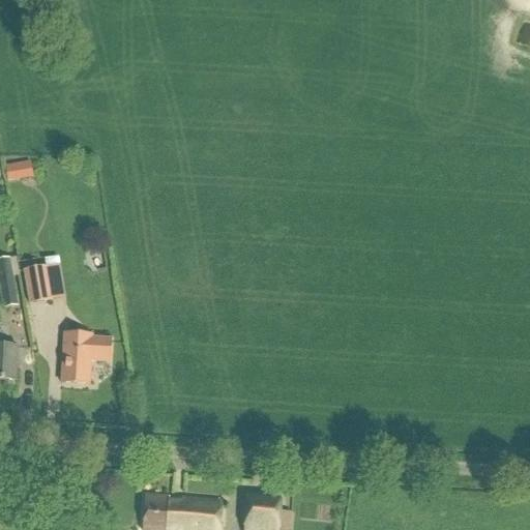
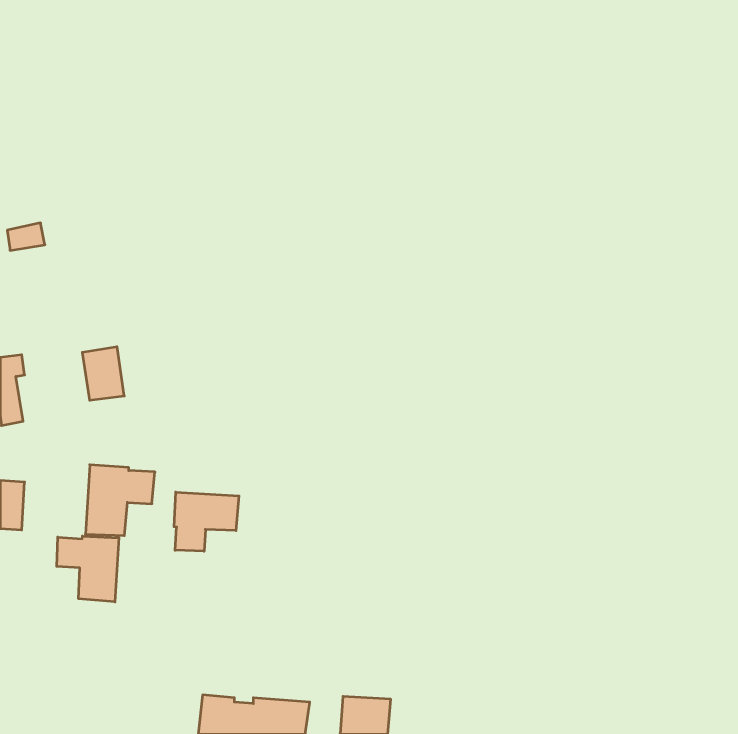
building: [24,263,54,301] -> [82,347,124,400]
building: none -> [174,492,239,551]
building: none -> [57,536,119,602]

